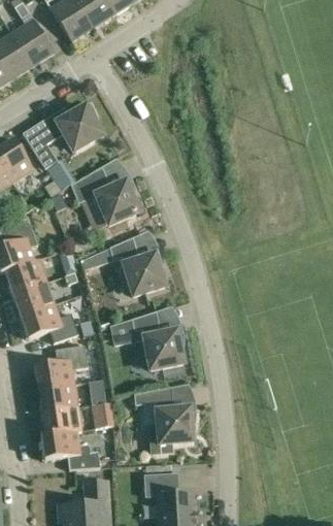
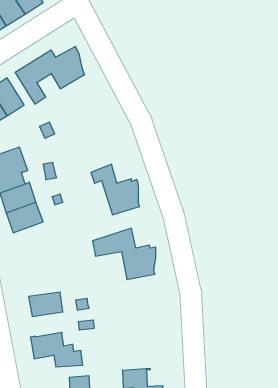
building: [71,166,138,224] -> none
building: [20,303,77,342] -> none
building: [34,344,87,389] -> none
building: [133,387,195,452] -> none
building: [41,406,80,435] -> none

